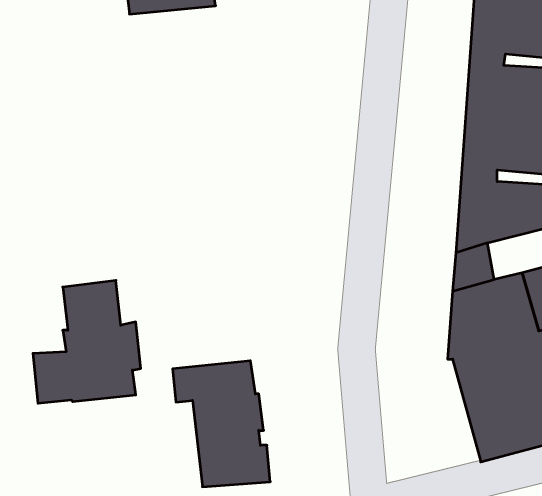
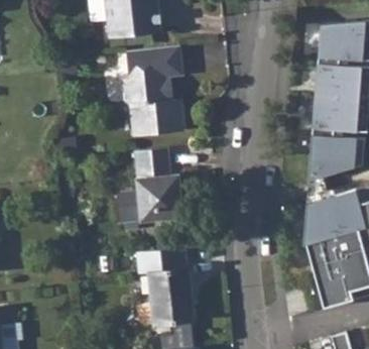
building: none -> [123,45,184,136]
building: [33,280,141,403] -> [117,148,182,223]

